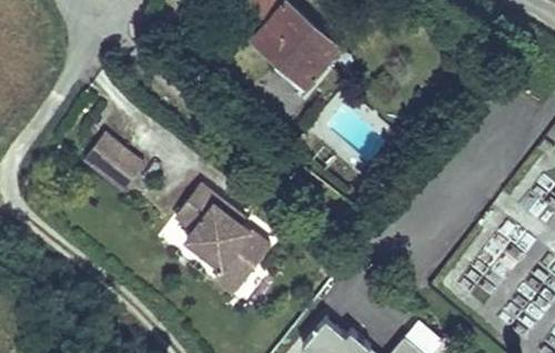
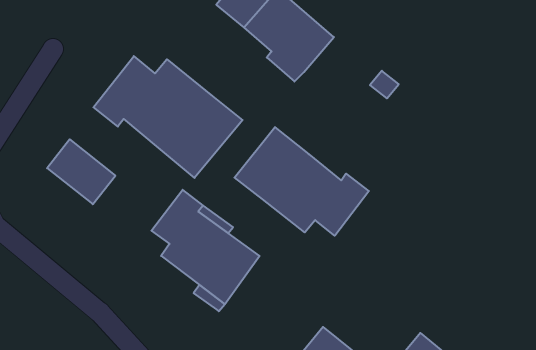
building: none -> [93,56,243,178]
building: none -> [234,127,369,236]

